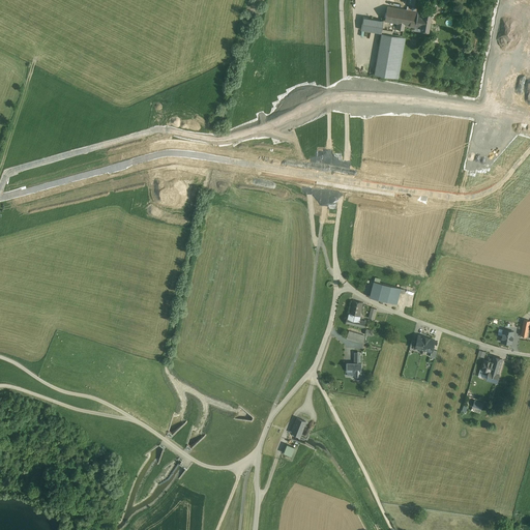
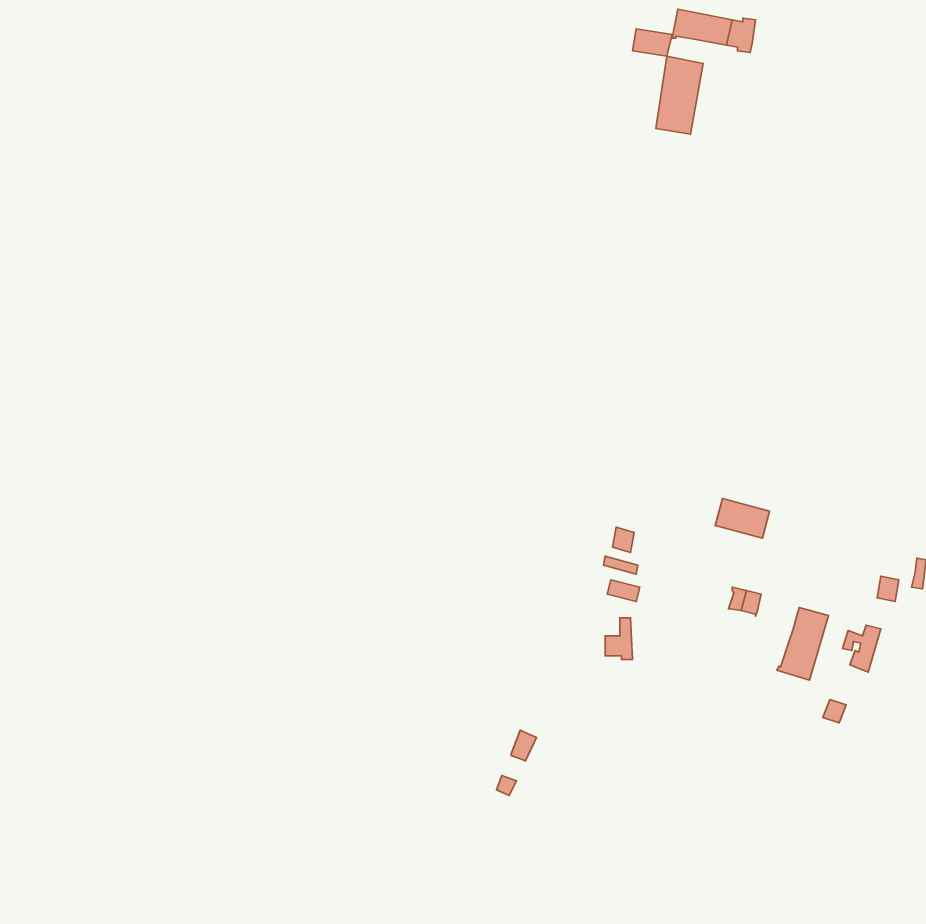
building: [370,283,401,305] -> [715,498,770,538]
building: none -> [777,608,828,680]

